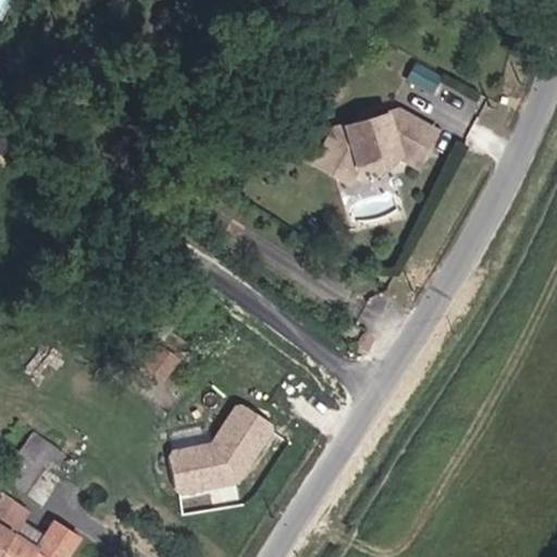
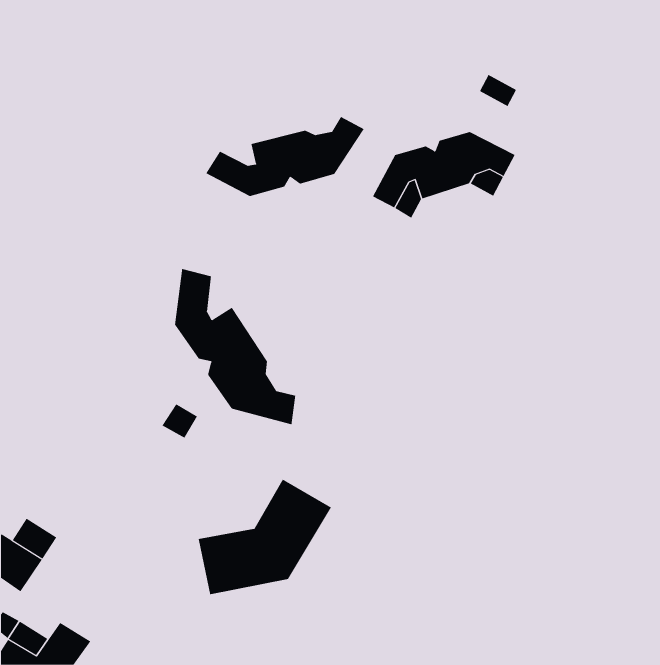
building: none -> [205,116,364,197]
building: none -> [175,268,296,425]

